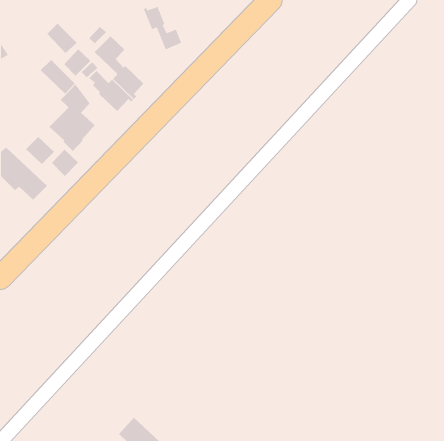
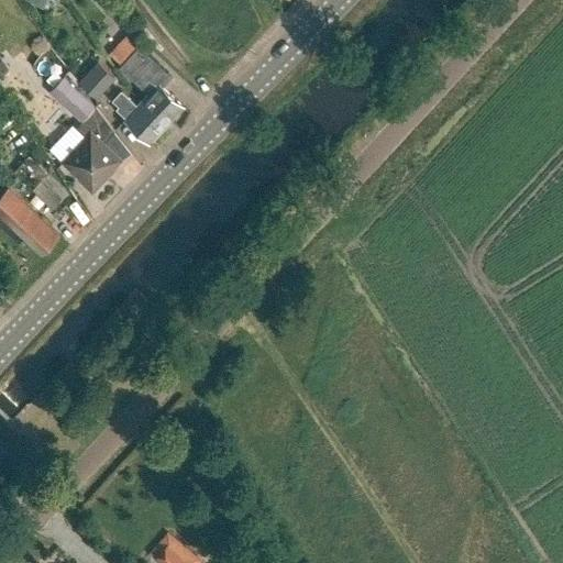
building: [143,6,182,50] -> none
building: [46,23,77,54] -> none
building: [51,149,79,177] -> none

